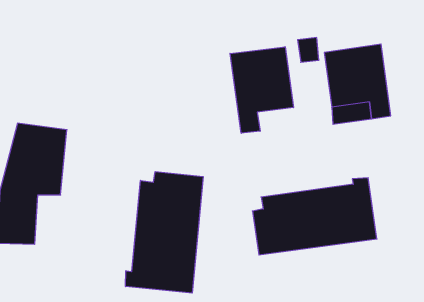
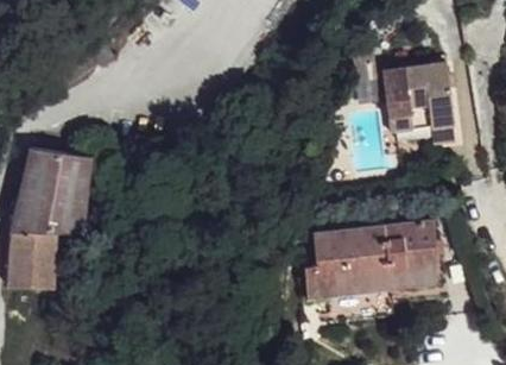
building: [230,47,293,133] -> none
building: [126,172,203,293] -> none

